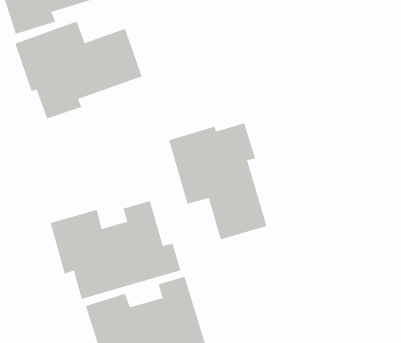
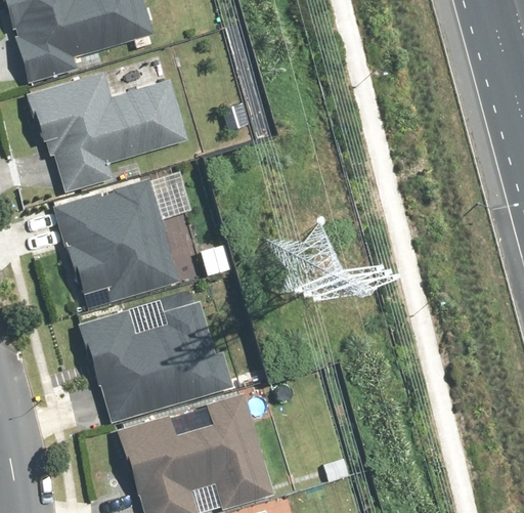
building: none -> [52,170,184,290]
building: [168,123,267,240] -> none

